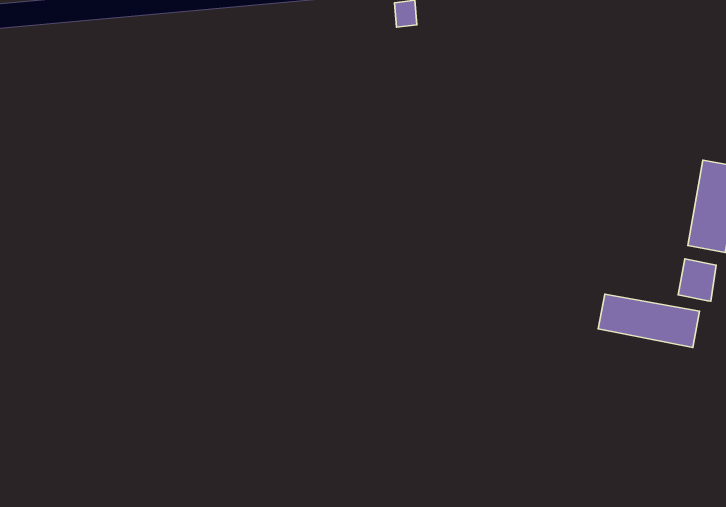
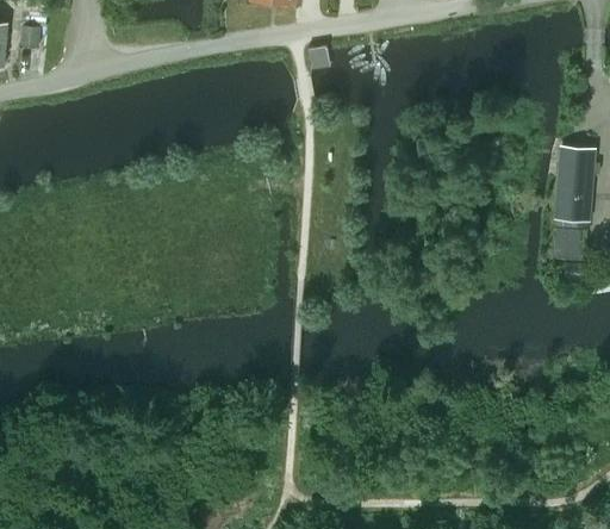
building: [598,294,700,347] -> none

